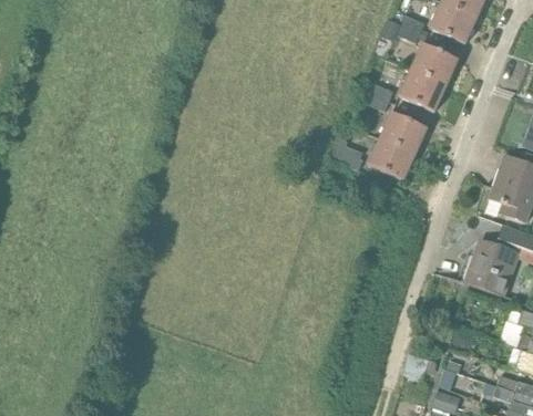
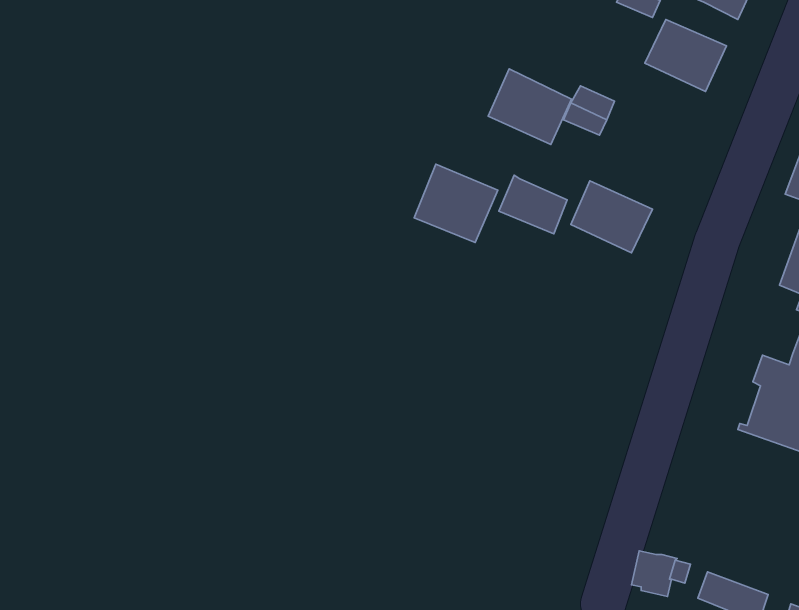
building: [399,69,447,111] -> none
building: [379,110,428,154] -> [488,69,572,145]
building: none -> [414,164,498,242]

